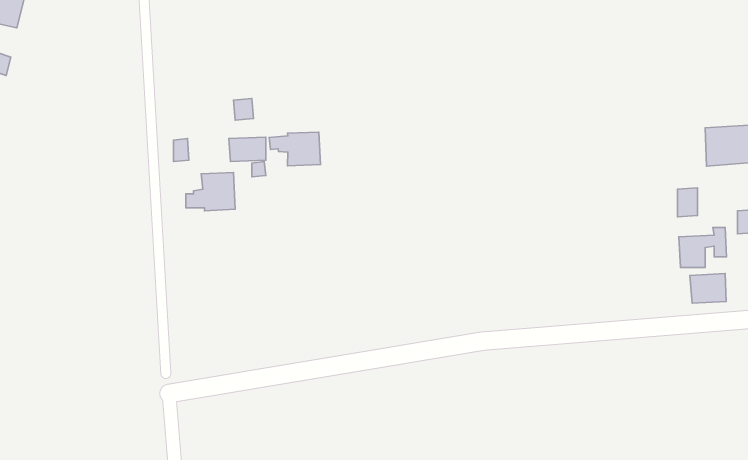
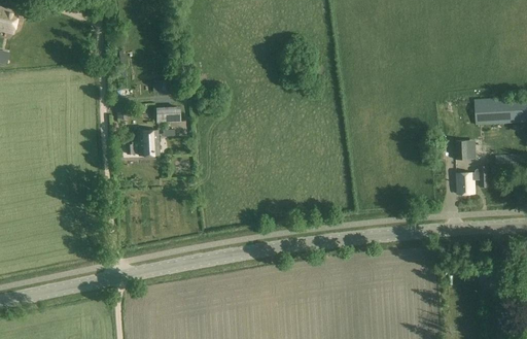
building: [269,132,320,166] -> none
building: [690,274,726,303] -> none

